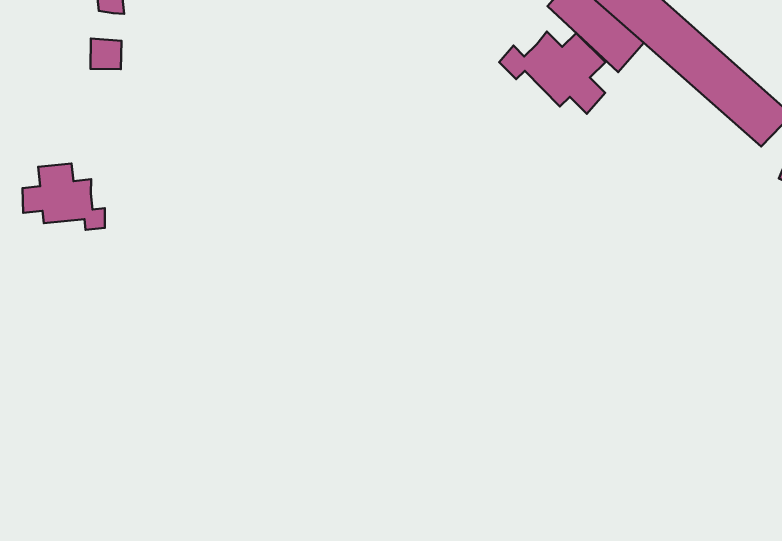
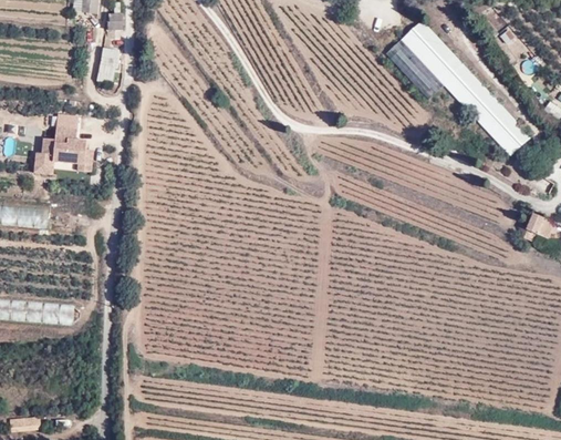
building: [499,31,605,114] -> none
building: none -> [41,150,84,170]

